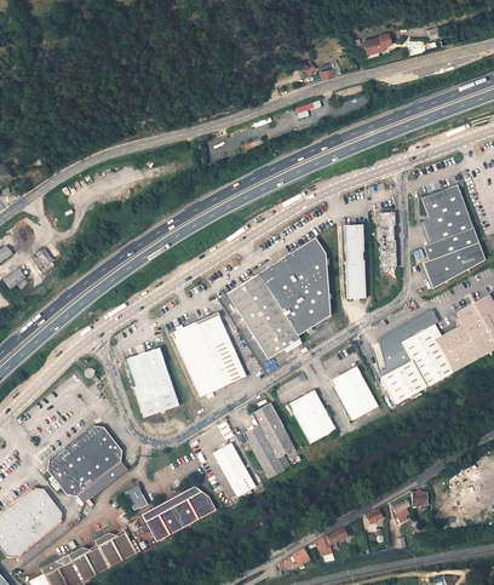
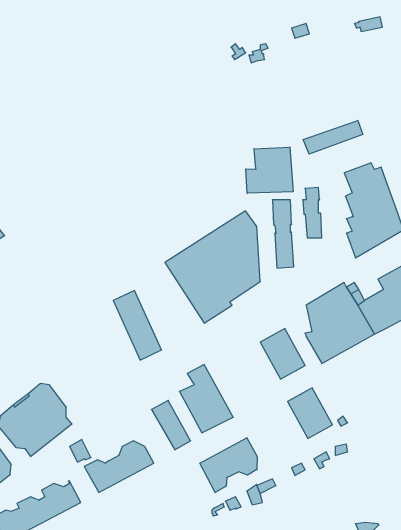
building: none -> [303,120,363,154]
building: none -> [246,147,293,193]
building: [195,312,248,388] -> none
building: [125,346,179,415] -> none
building: [288,389,337,443] -> [288,388,332,438]
building: none -> [200,438,257,493]

